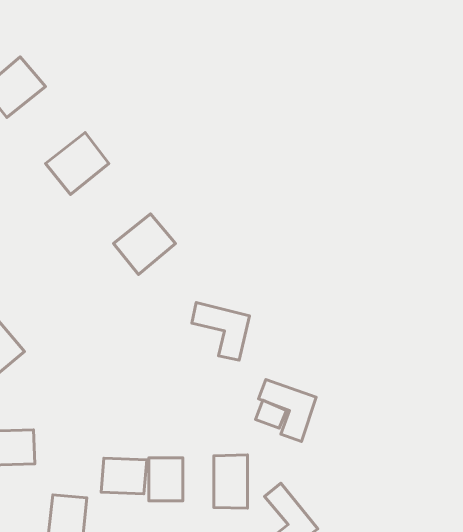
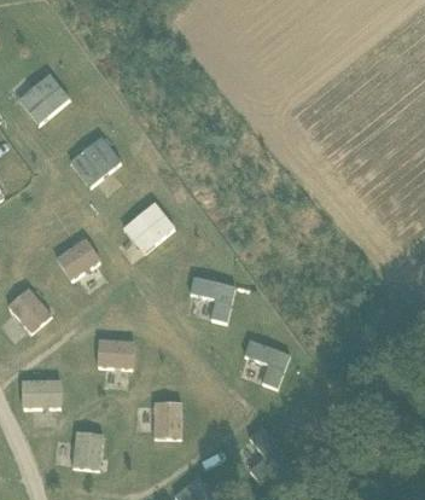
building: none -> [54,237,98,279]
building: [214,455,248,508] -> none
building: [101,458,147,494] -> [95,339,133,368]

